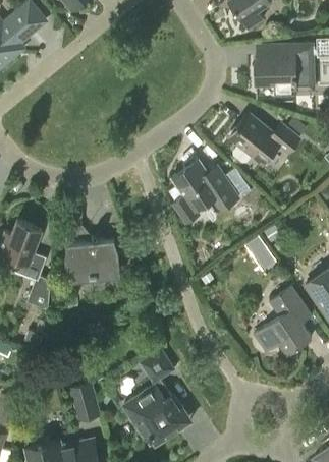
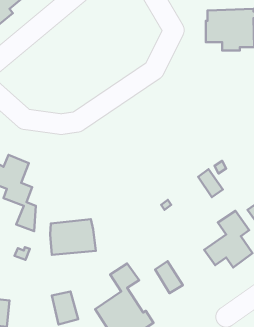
building: [228,113,299,164] -> none
building: [171,160,238,223] -> none
building: [65,239,120,282] -> [50,219,96,255]
building: none -> [155,261,183,293]

